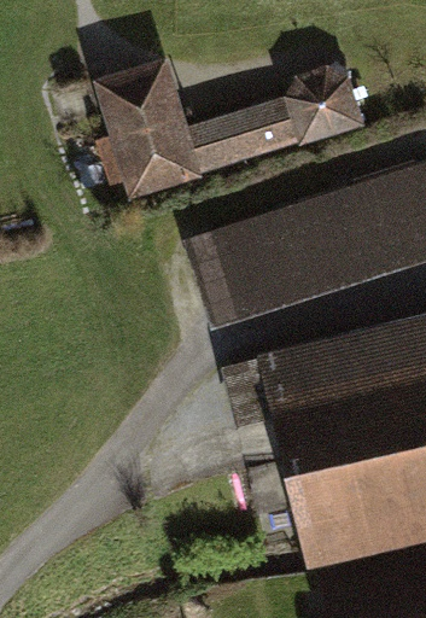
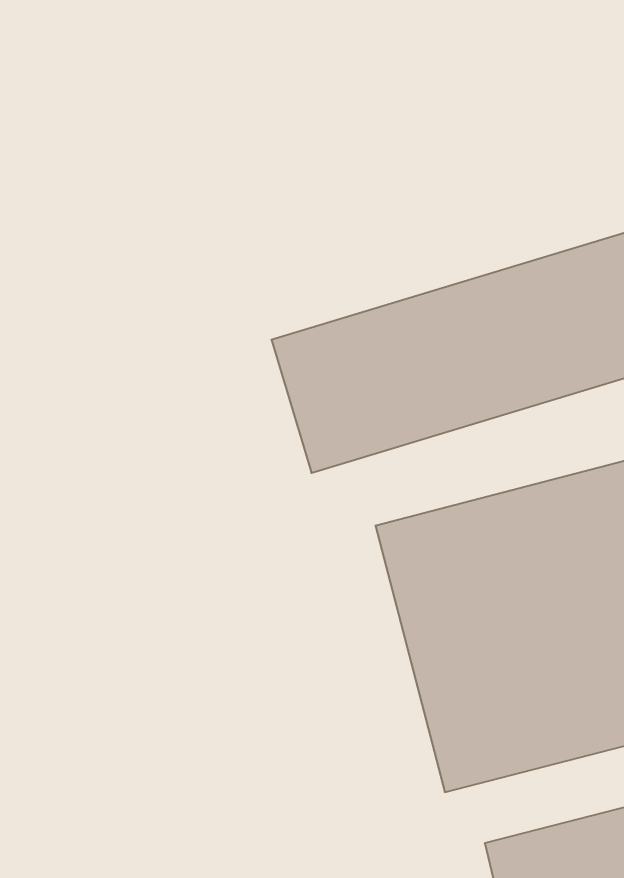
building: [107,66,362,191] -> none

